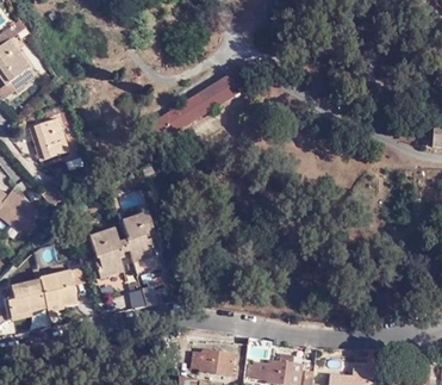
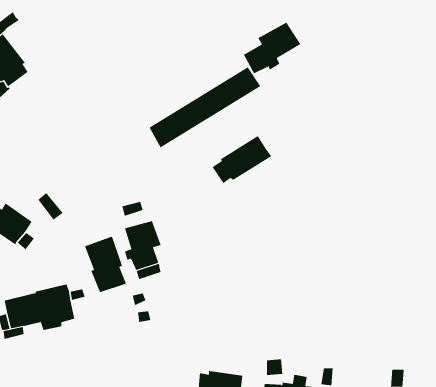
building: none -> [243,22,301,74]
building: [29,118,67,160] -> none
building: none -> [212,135,272,184]

